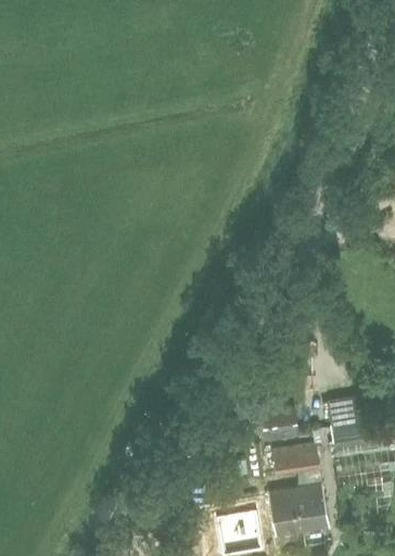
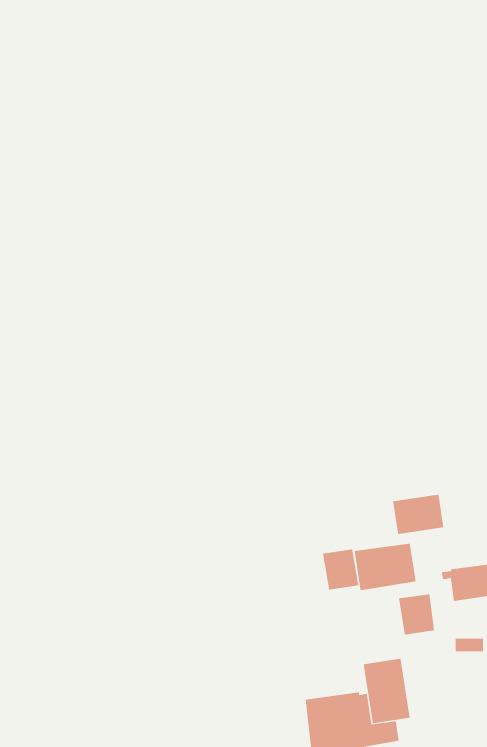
building: none -> [393,494,444,535]
building: [271,445,297,475] -> [322,549,359,590]
building: [295,483,329,530] -> none

